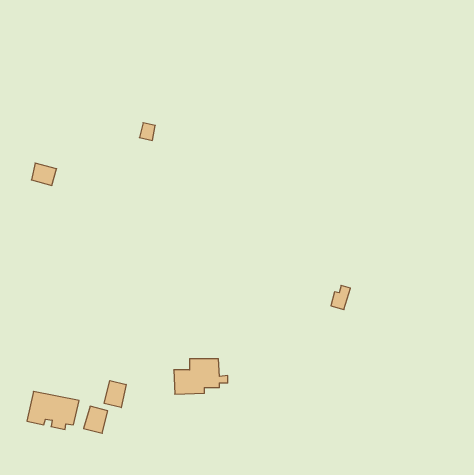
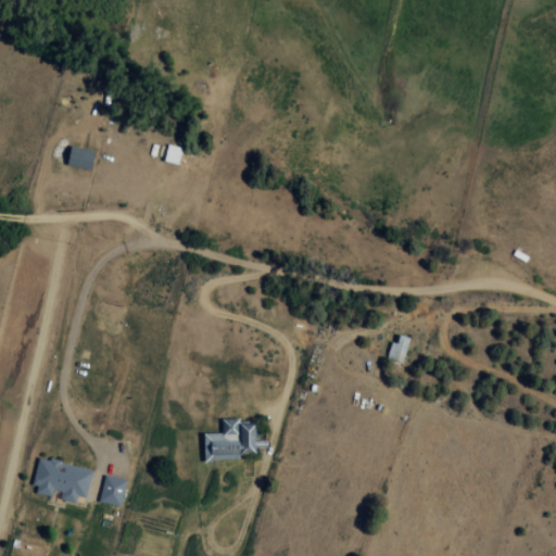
building: [31,163,57,185] -> [67,144,97,170]
building: [104,381,126,408] -> none

